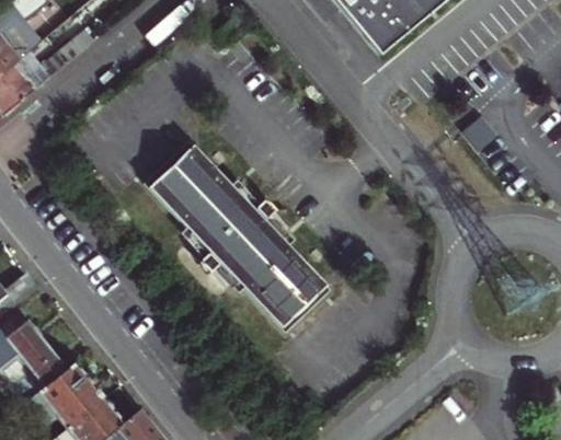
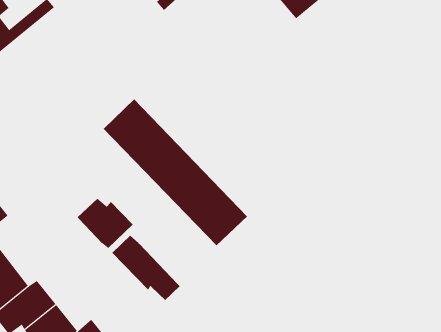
building: none -> [77,198,133,249]
building: none -> [111,235,180,301]

